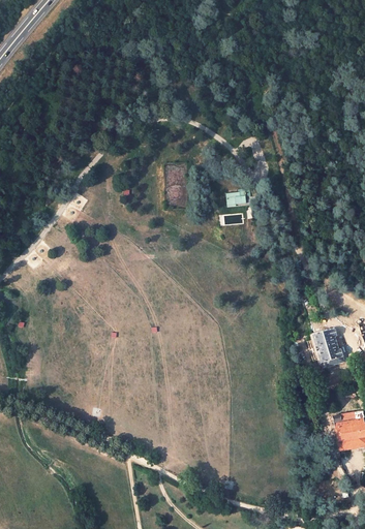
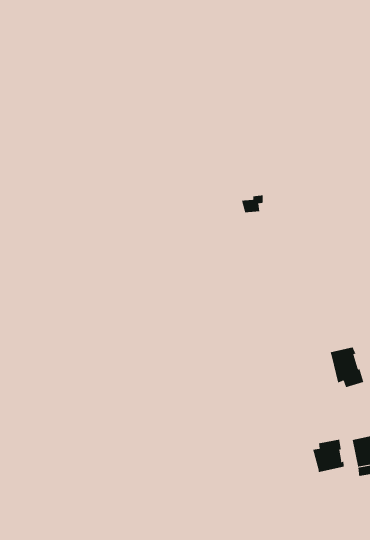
building: none -> [313,439,344,473]

